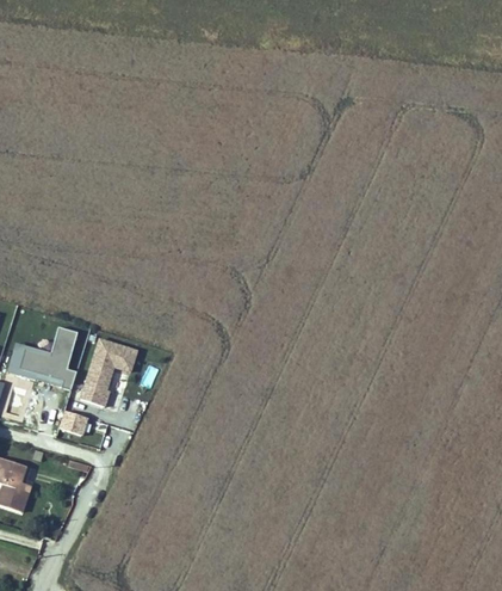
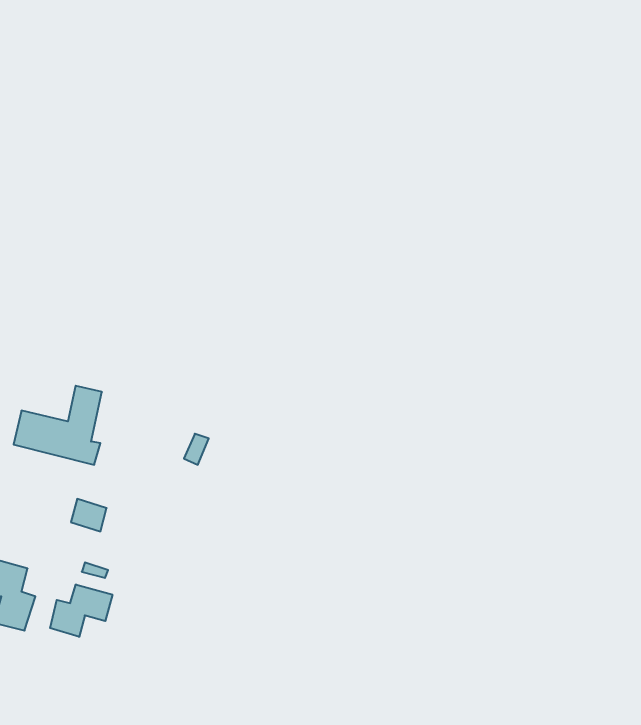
building: [76,341,132,406] -> none
building: none -> [50,584,112,637]

